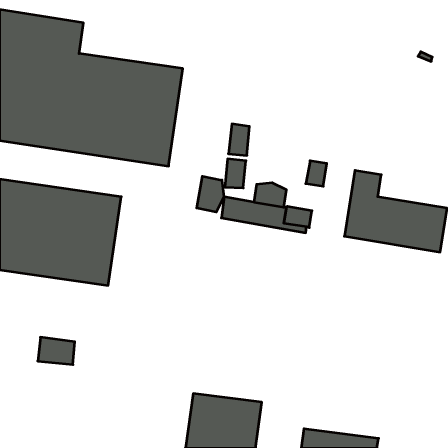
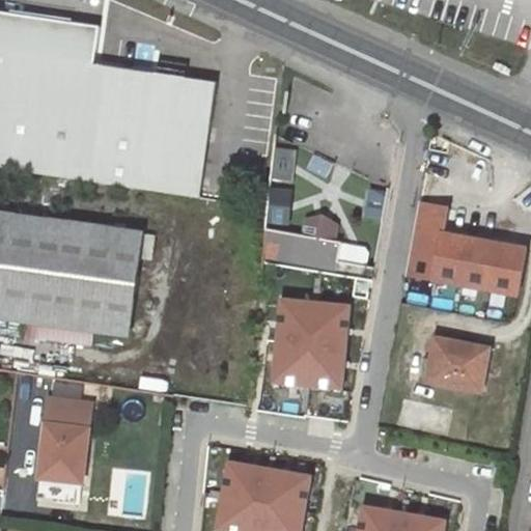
building: [197,176,224,212] -> none
building: none -> [262,296,355,394]
building: none -> [426,339,486,390]
building: none -> [36,426,86,499]

